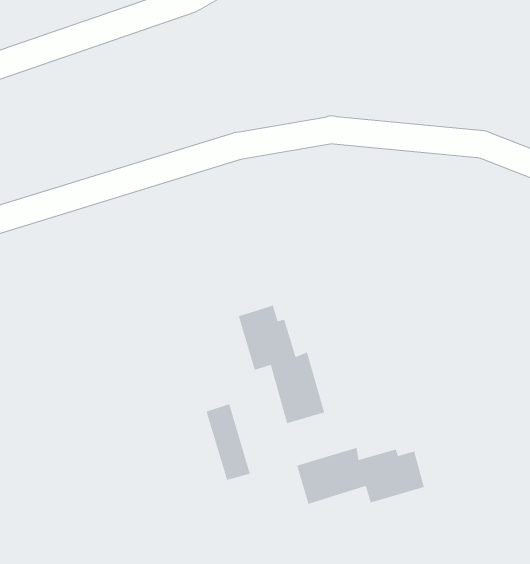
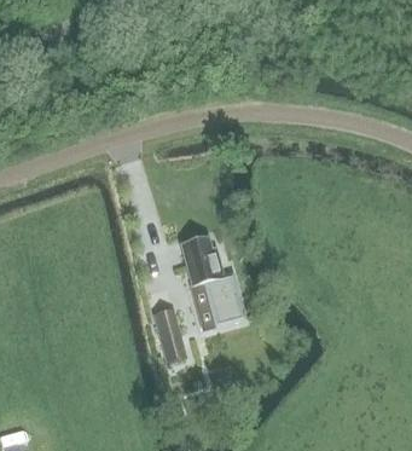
building: [296,447,425,505] -> none

